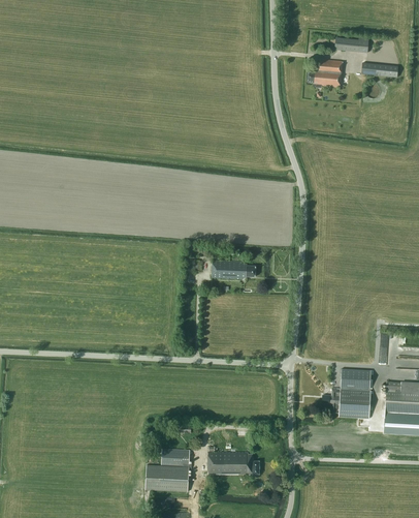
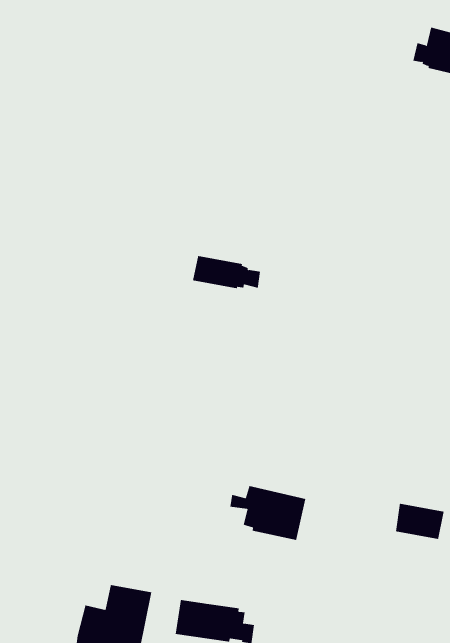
building: [212,261,255,278] -> [192,256,261,289]
building: [322,387,370,418] -> [230,485,306,541]

